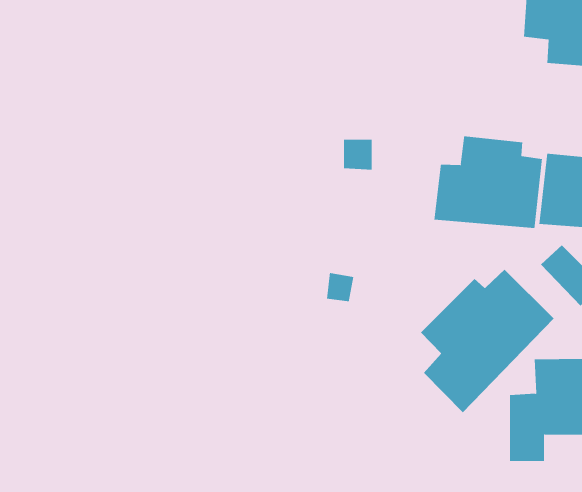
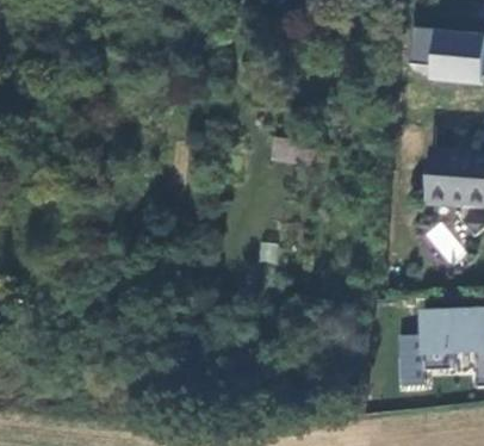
building: [434,135,543,229] -> none
building: [420,269,554,413] -> none

